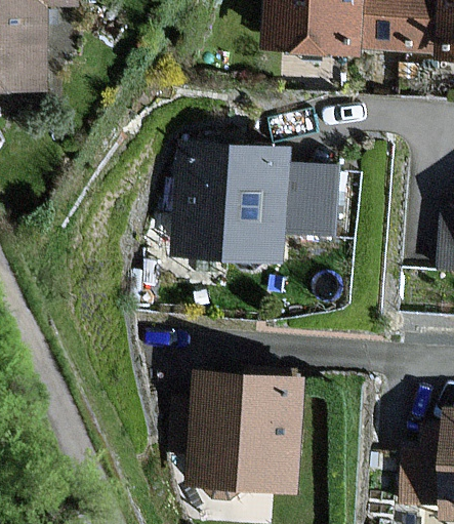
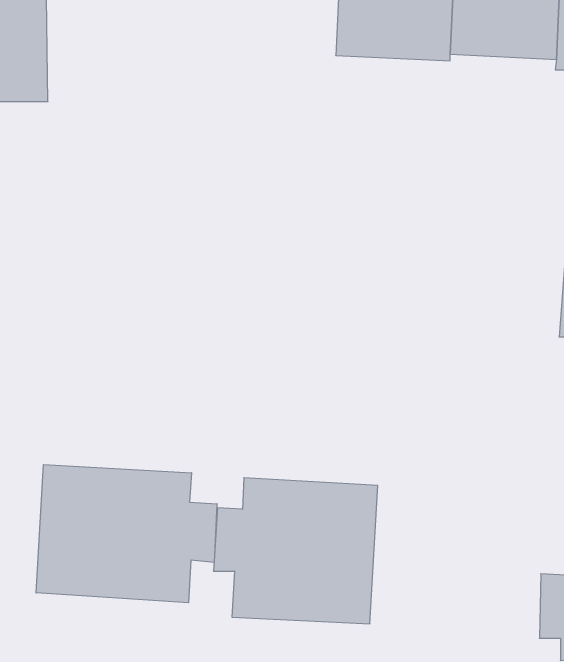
building: [178,142,335,257] -> none
building: none -> [36,465,217,603]

